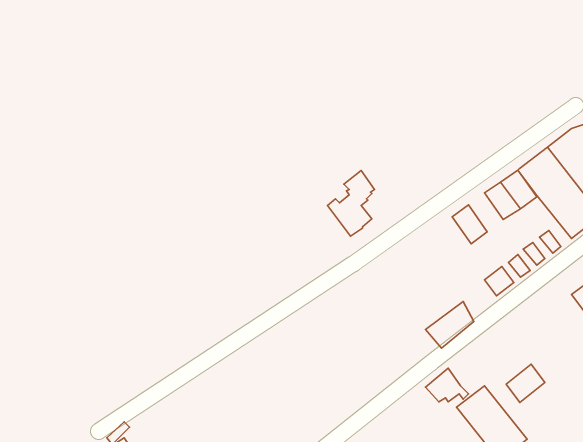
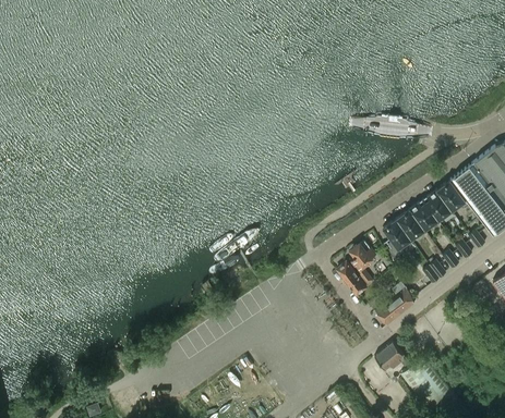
building: [328,171,374,236] -> [337,241,375,294]
building: none -> [409,199,437,231]
building: none -> [382,219,411,250]
building: [506,364,545,402] -> none

